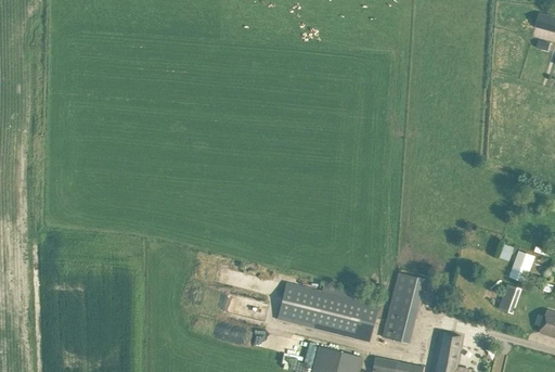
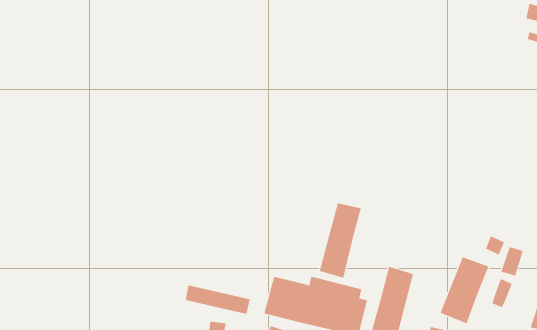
building: none -> [319,203,361,278]
building: none -> [440,257,489,324]

